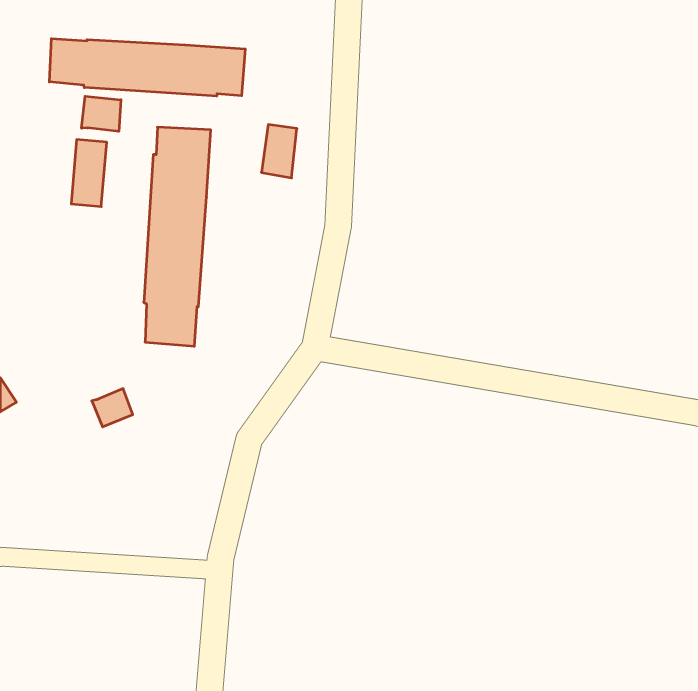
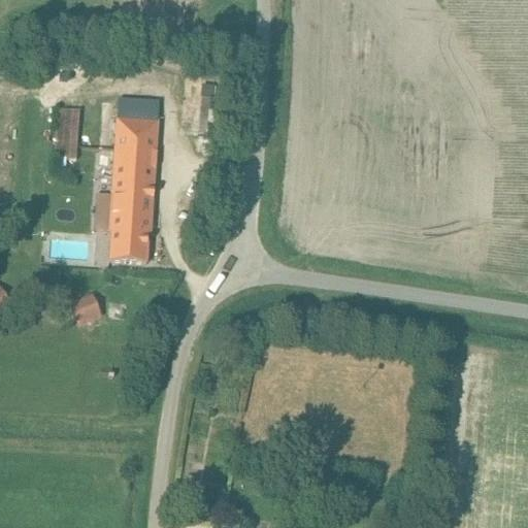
building: [49,39,245,96] -> none
building: [82,96,121,131] -> none

